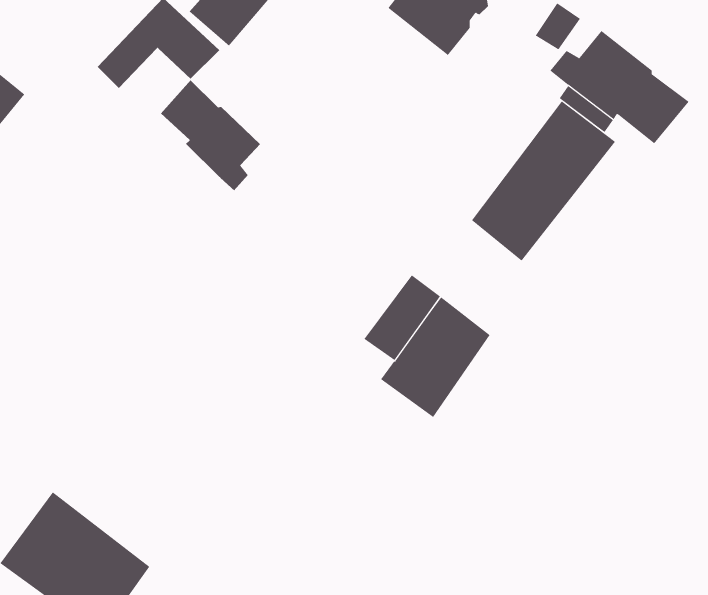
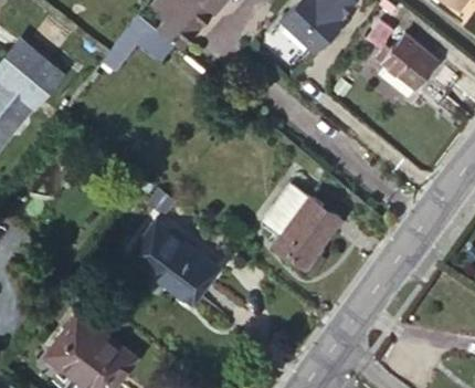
building: [160,80,261,191] -> none
building: [471,101,616,261] -> none
building: none -> [128,219,219,298]

